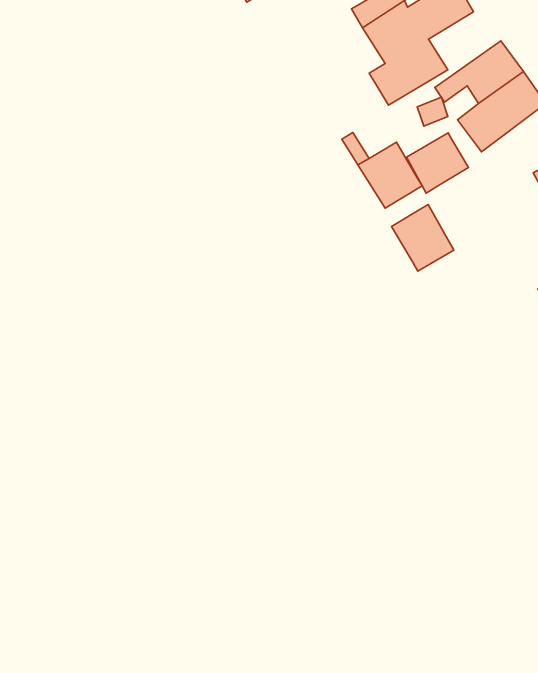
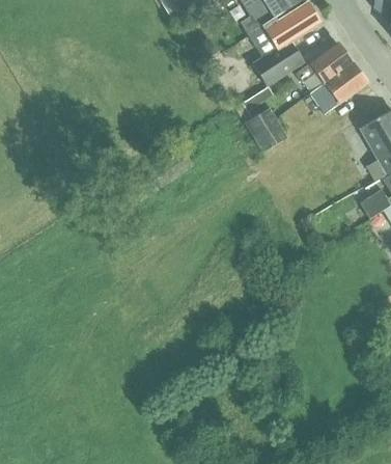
building: [407,133,469,193] -> none
building: [392,204,454,271] -> none

